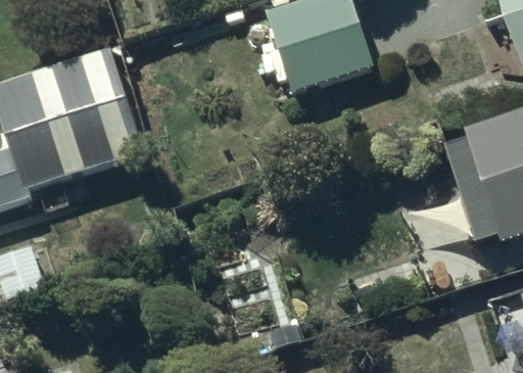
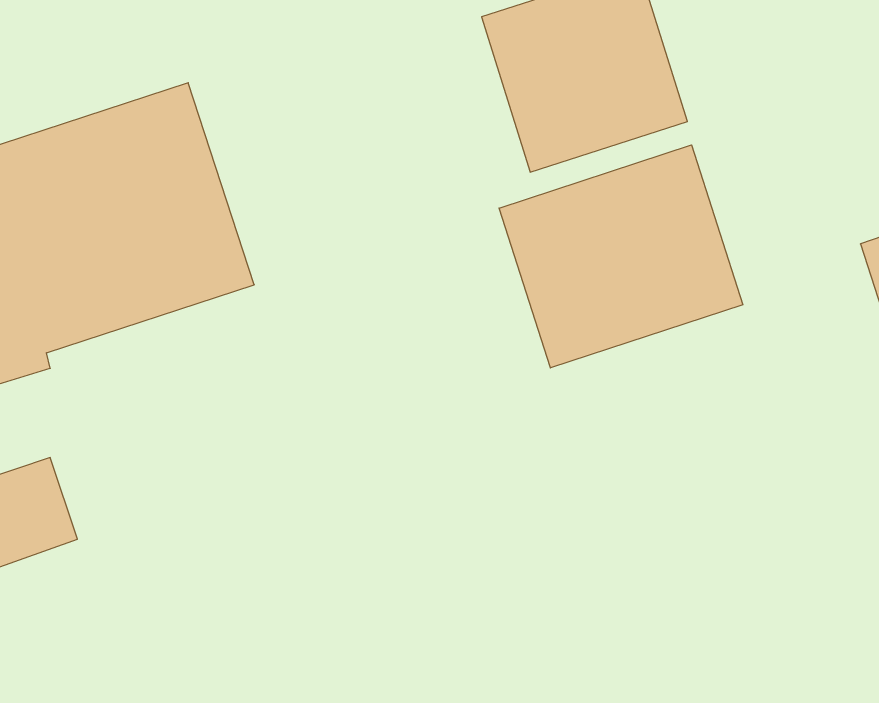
building: none -> [499,145,743,368]

